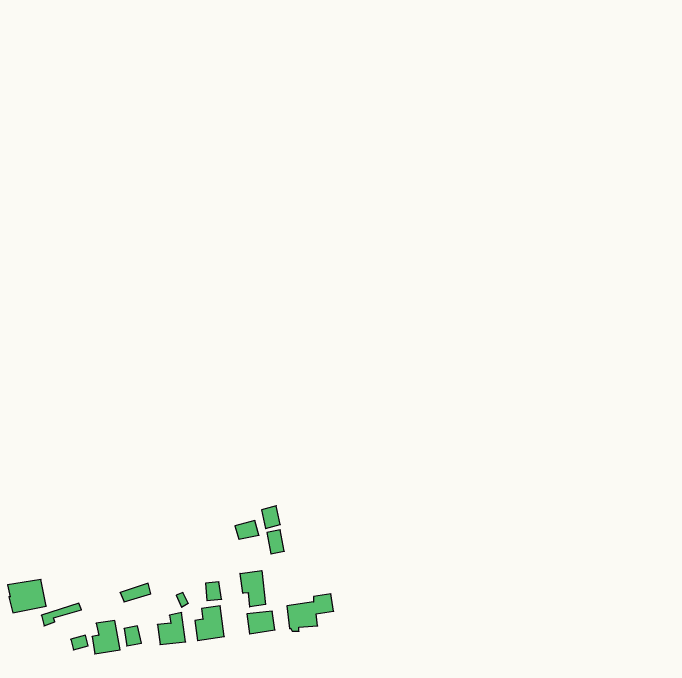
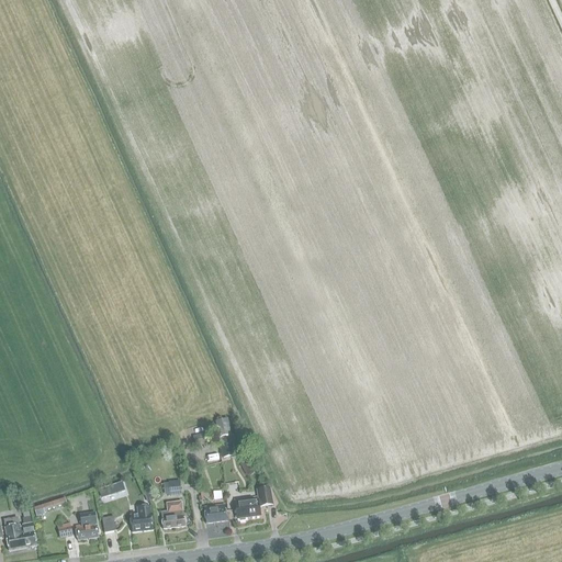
building: [240,571,266,607] -> none
building: [8,579,46,613] -> [5,521,37,549]

